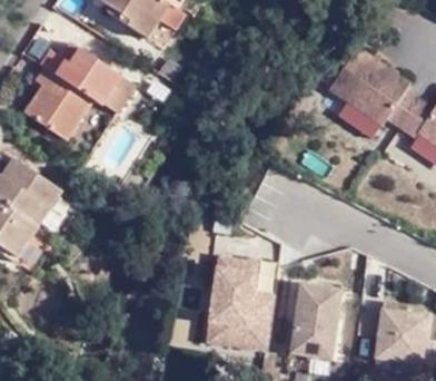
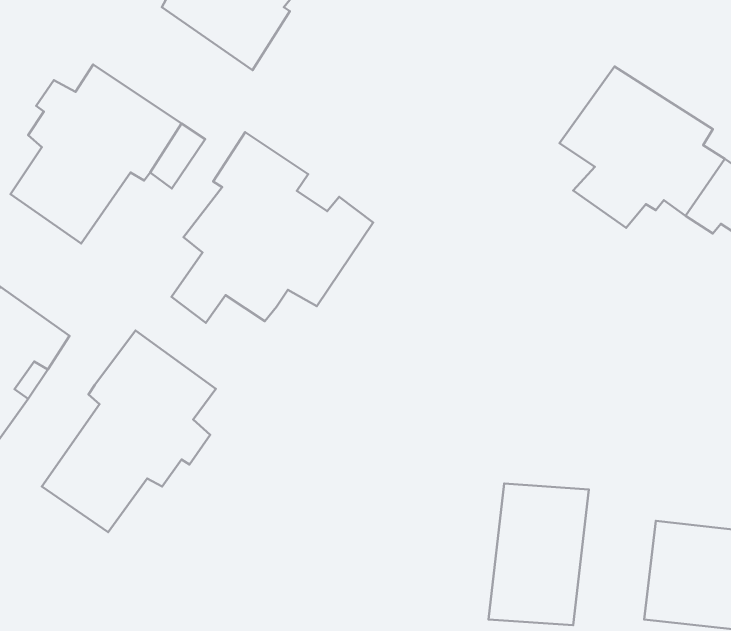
building: none -> [172,132,373,323]
building: none -> [42,330,216,532]
building: [210,255,279,352] -> none

